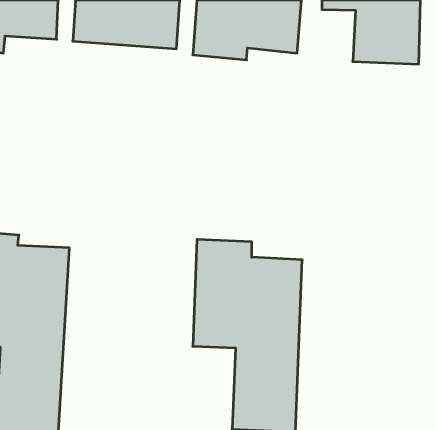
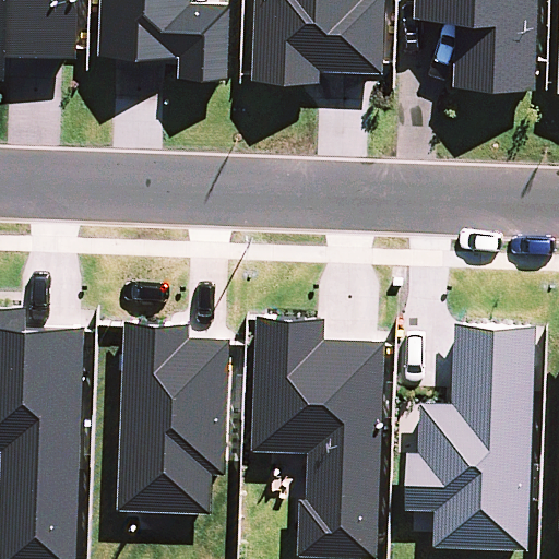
building: none -> [111,320,227,514]
building: none -> [404,322,540,552]

